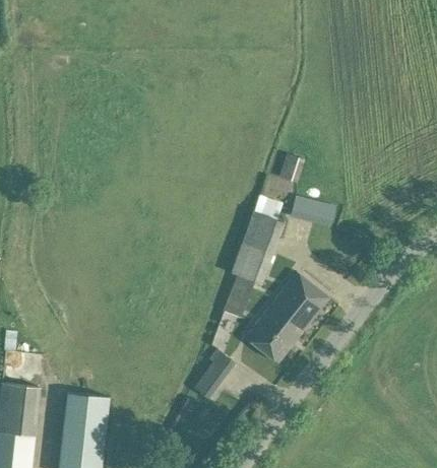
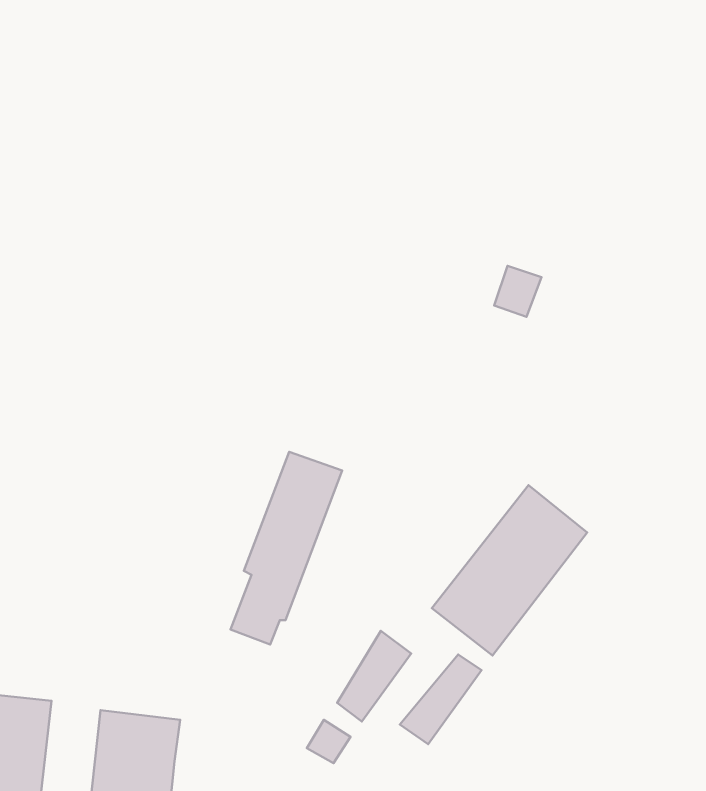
building: [290,197,334,225] -> none
building: [224,212,284,316] -> [231,452,342,645]
building: none -> [400,654,482,744]

